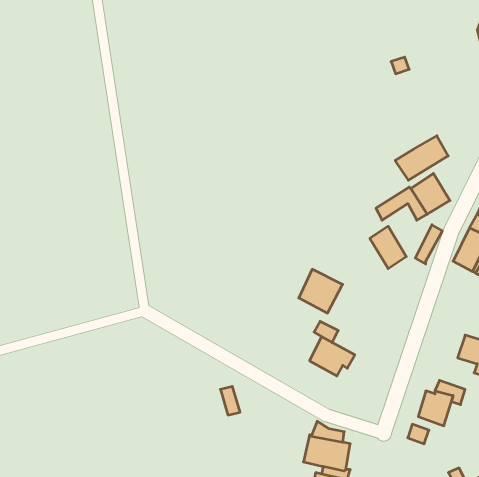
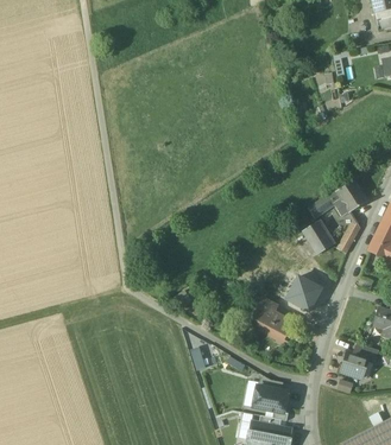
building: [395,136,448,180] -> none
building: [299,269,343,313] -> [288,275,322,310]

